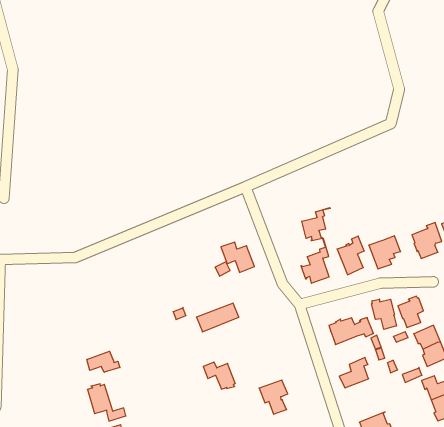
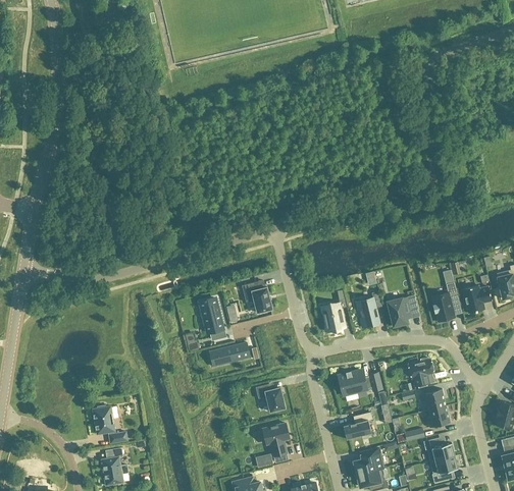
building: [302,208,330,241] -> none
building: none -> [200,298,222,333]
building: [371,299,397,329] -> none
building: [87,351,120,372] -> none
building: [203,362,235,389] -> [255,384,285,412]
building: none -> [352,448,383,475]

